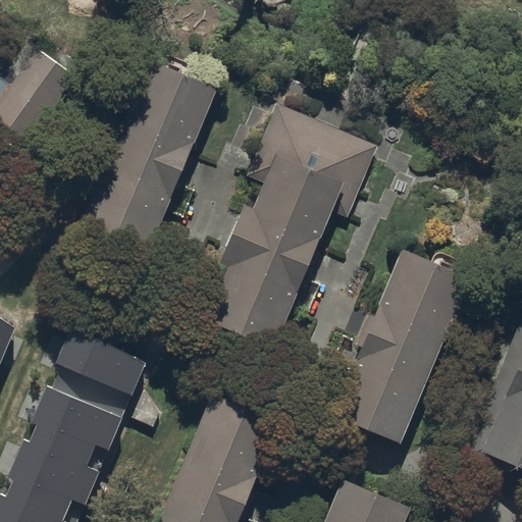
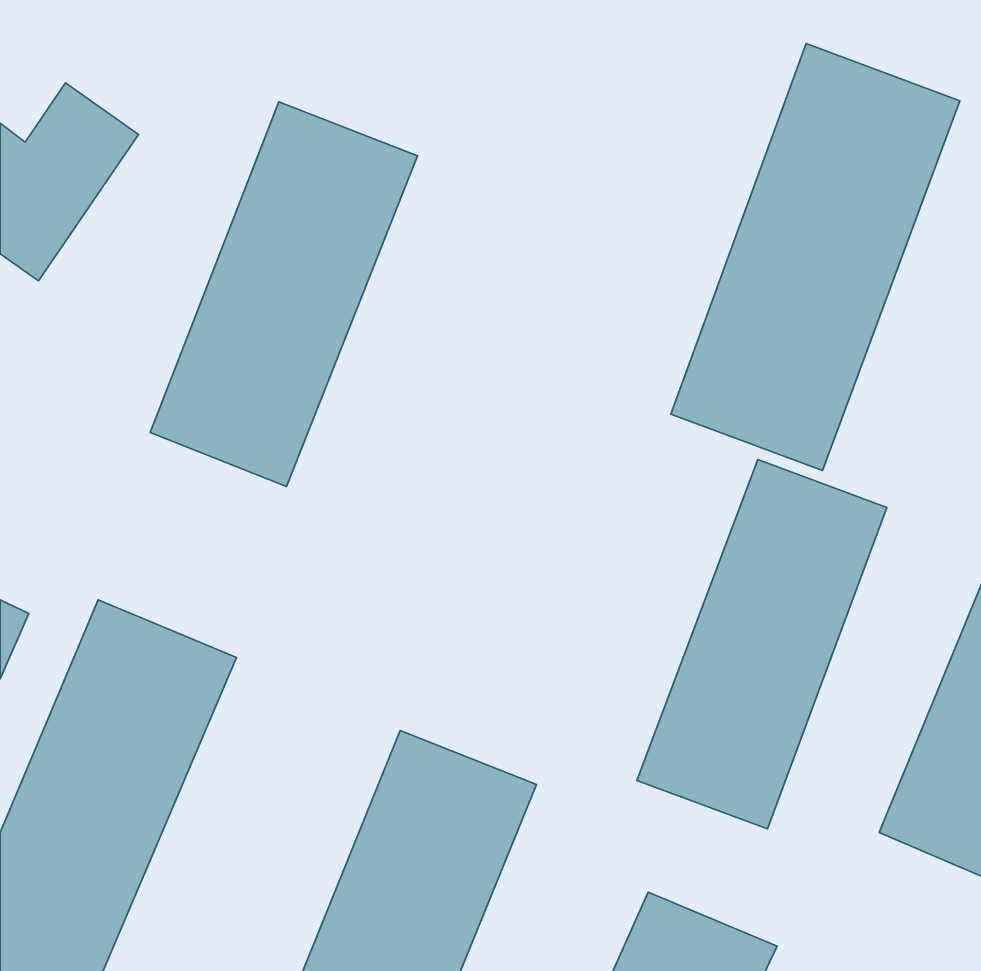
building: none -> [671,43,960,470]
building: [207,106,378,347] -> none

